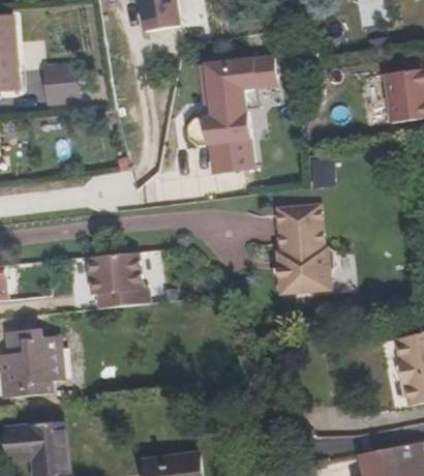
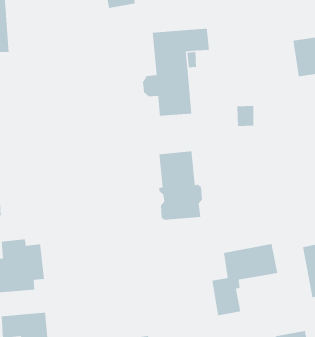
building: [41,66,78,100] -> none
building: [276,203,333,293] -> [159,151,203,221]
building: [87,251,147,307] -> none
building: none -> [212,243,278,316]

